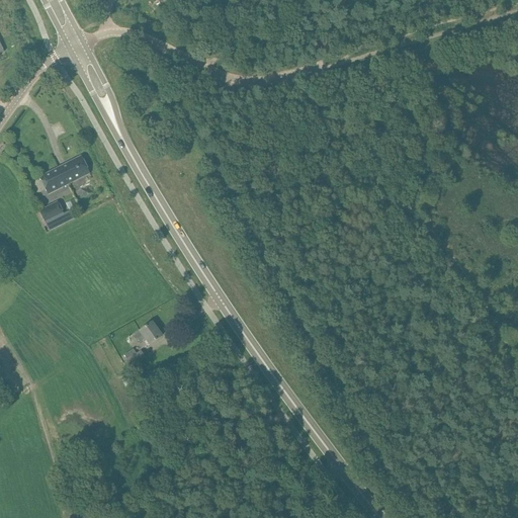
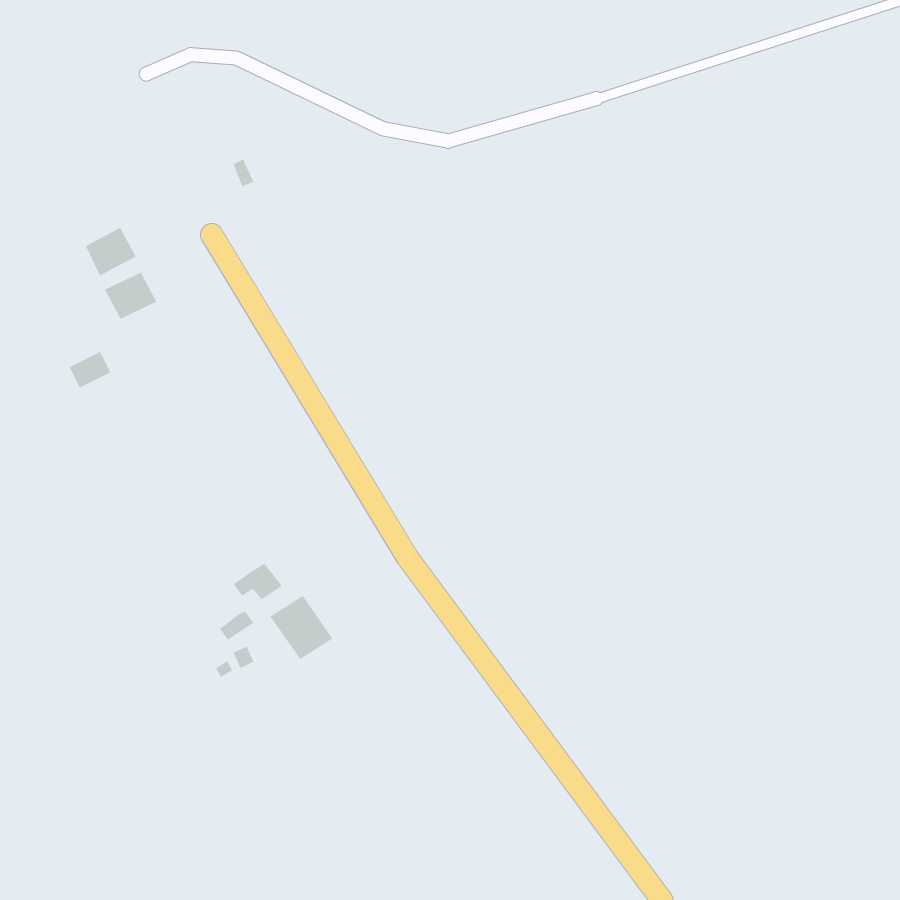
building: [40,166,70,194] -> [85,227,137,276]
building: none -> [270,595,333,660]

